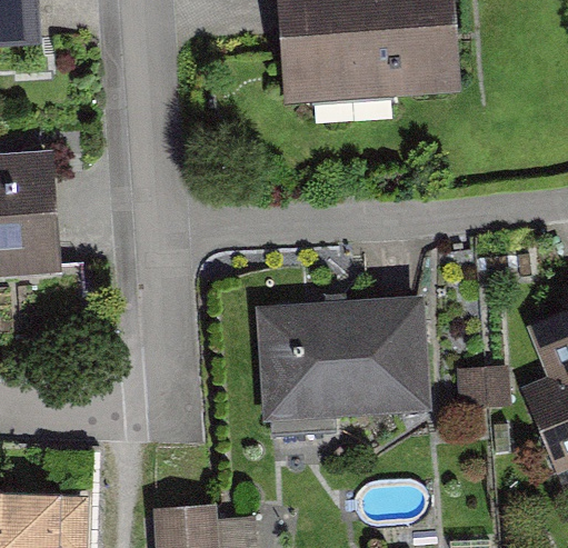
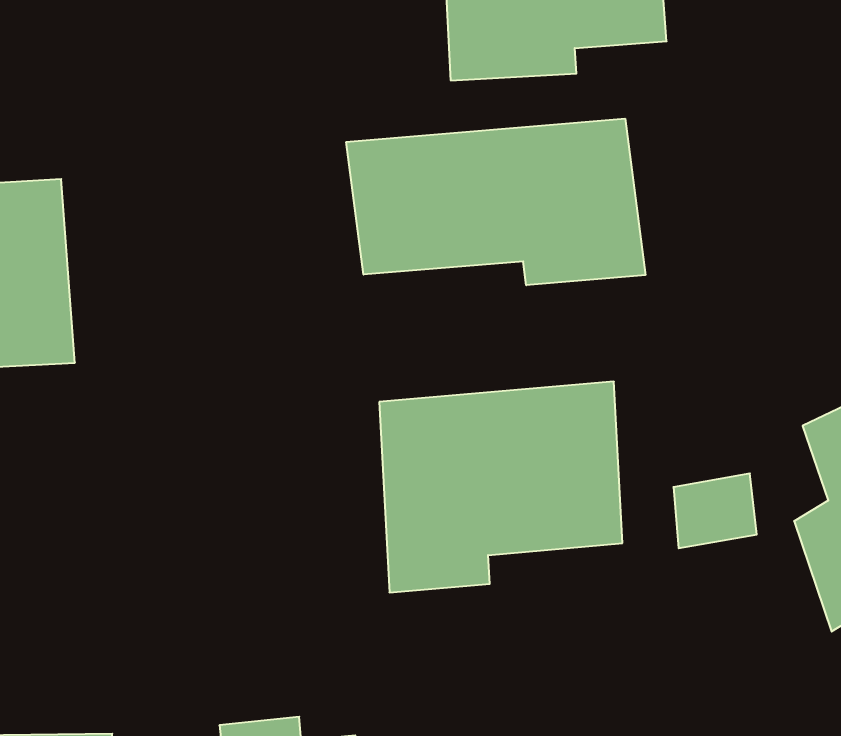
building: none -> [346,119,645,285]

